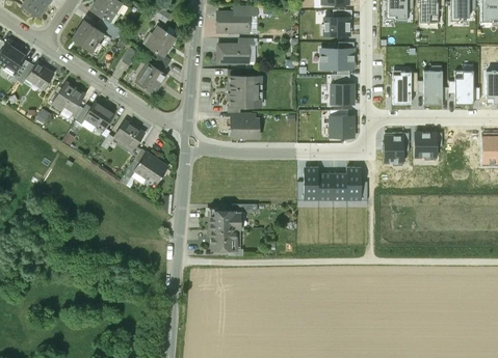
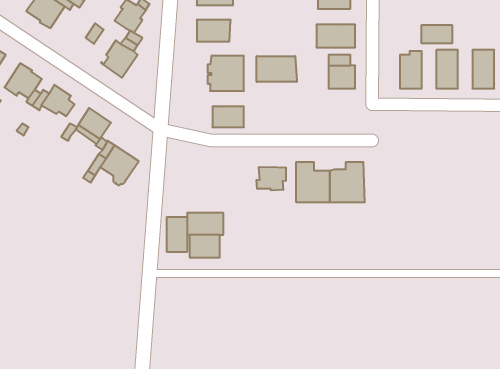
building: none -> [422,25,452,43]
building: none -> [257,56,297,82]
building: [331,116,355,137] -> none
building: [383,133,403,166] -> none
building: [416,133,437,160] -> none
building: none -> [257,167,286,190]
building: none -> [167,217,187,252]

